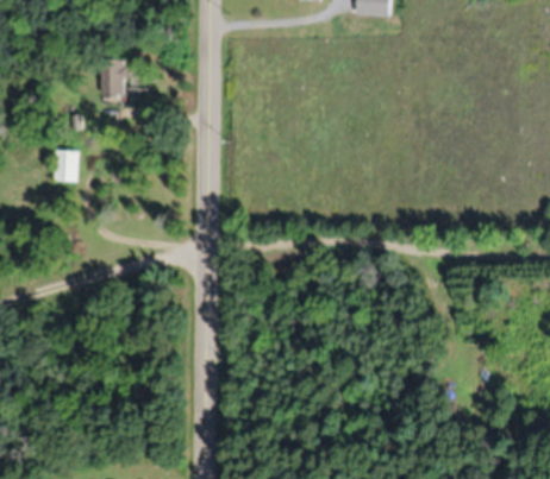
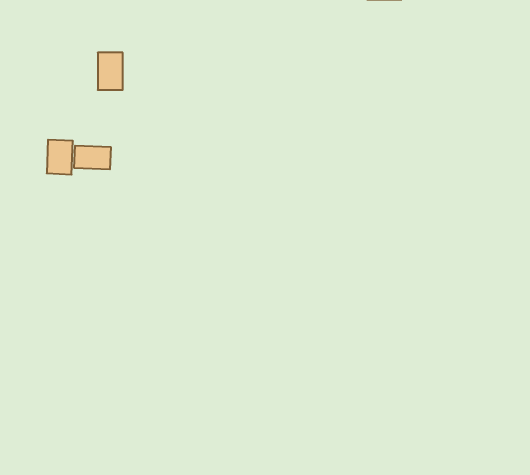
building: none -> [74,146,111,169]

